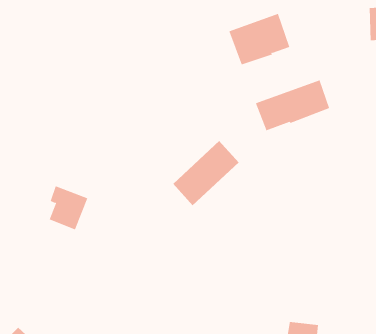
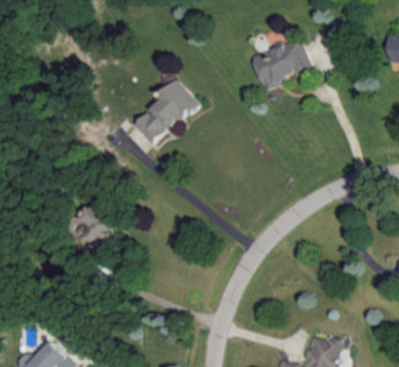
building: [255,80,330,131] -> none
building: [172,140,239,206] -> [132,81,196,145]

